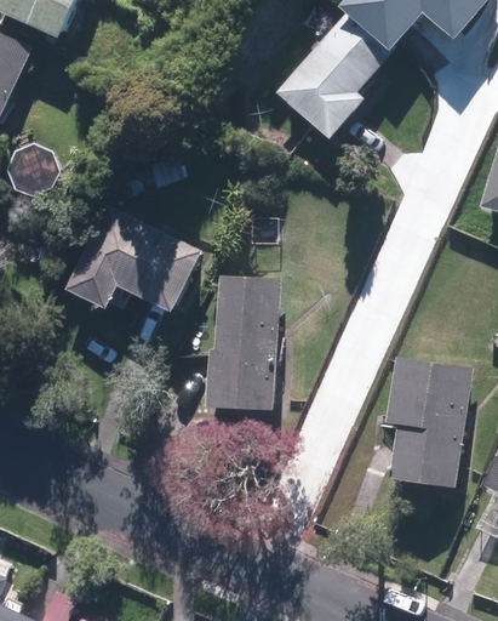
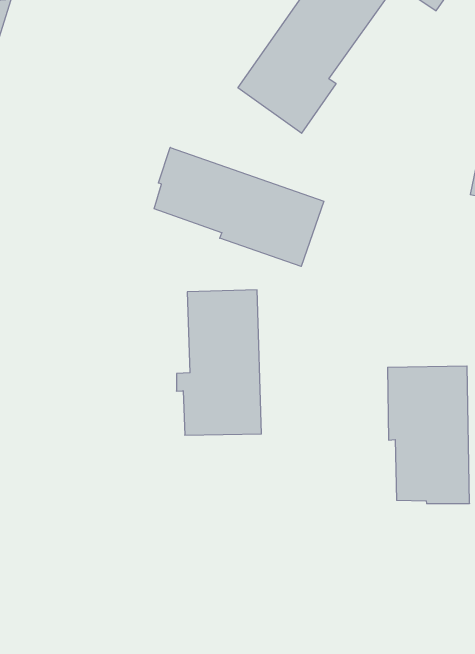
building: none -> [154,147,324,266]
building: [64,203,206,312] -> none

